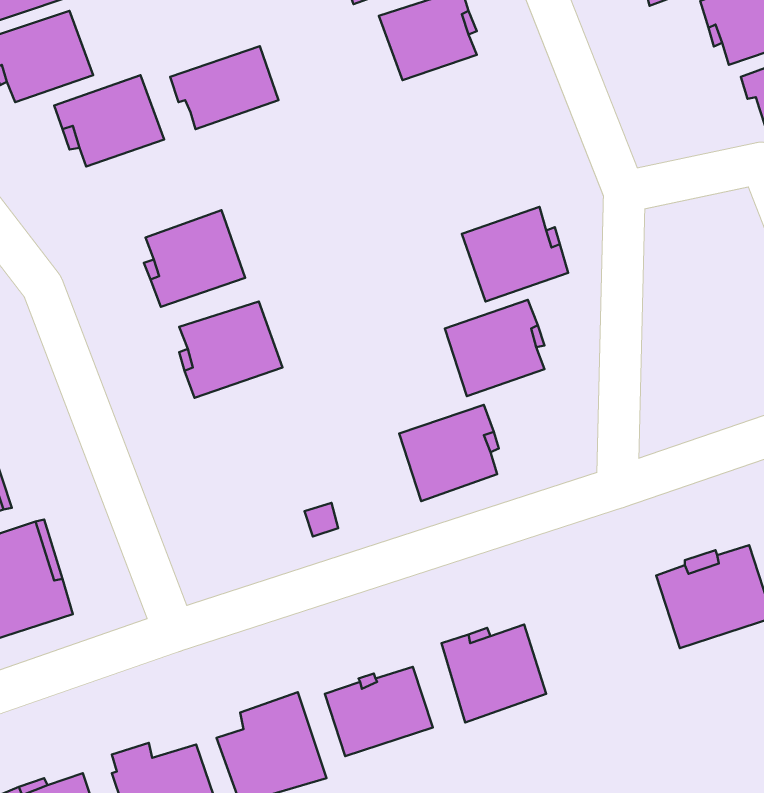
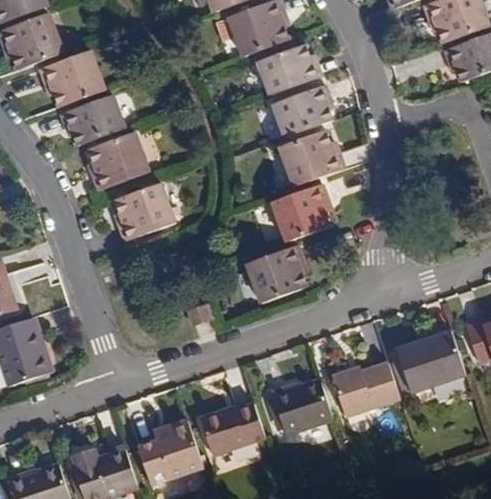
building: [170,46,278,129] -> [62,96,126,145]
building: none -> [258,47,322,96]
building: none -> [273,85,333,138]
building: none -> [328,361,399,415]

